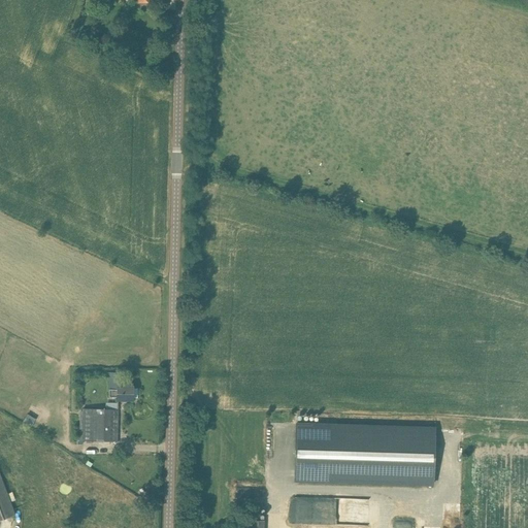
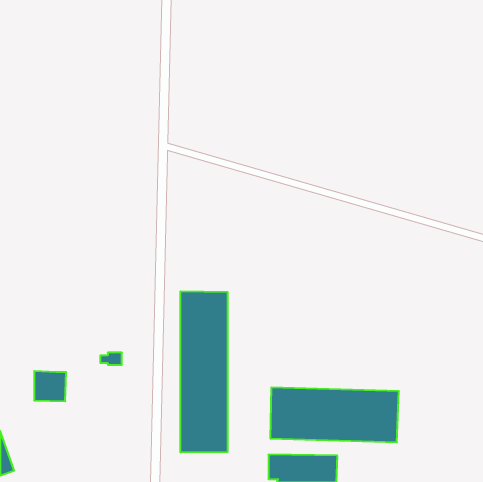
building: none -> [181,291,228,453]
building: [82,407,118,440] -> [34,371,66,401]

